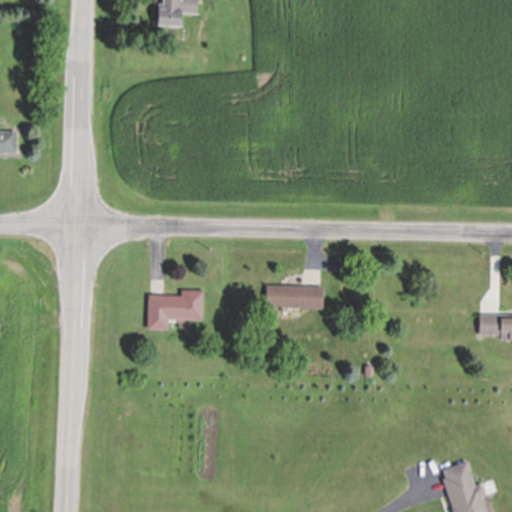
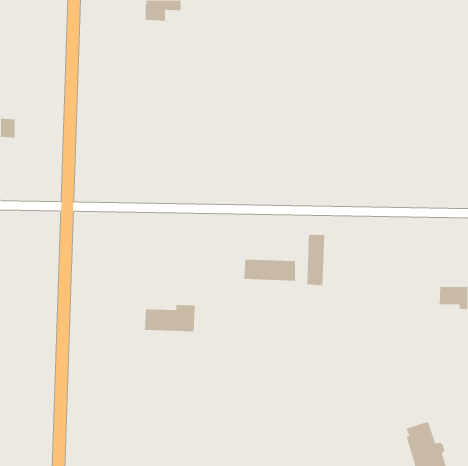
building: none -> [307,234,325,286]
building: [148,290,204,320] -> [144,304,196,332]

